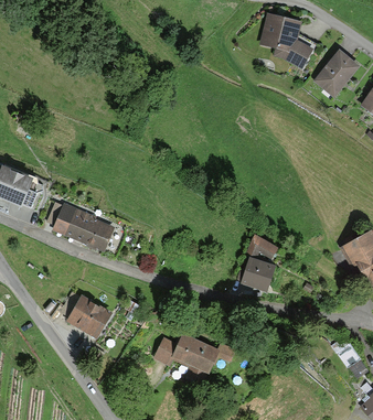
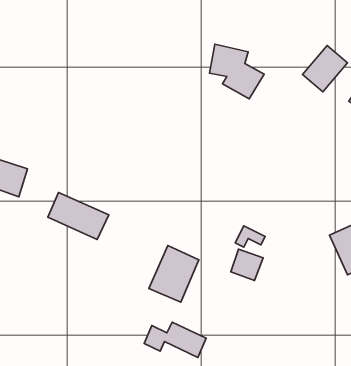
building: [260,12,317,68] -> [210,44,264,99]
building: none -> [149,246,199,302]
building: [57,293,108,337] -> none

